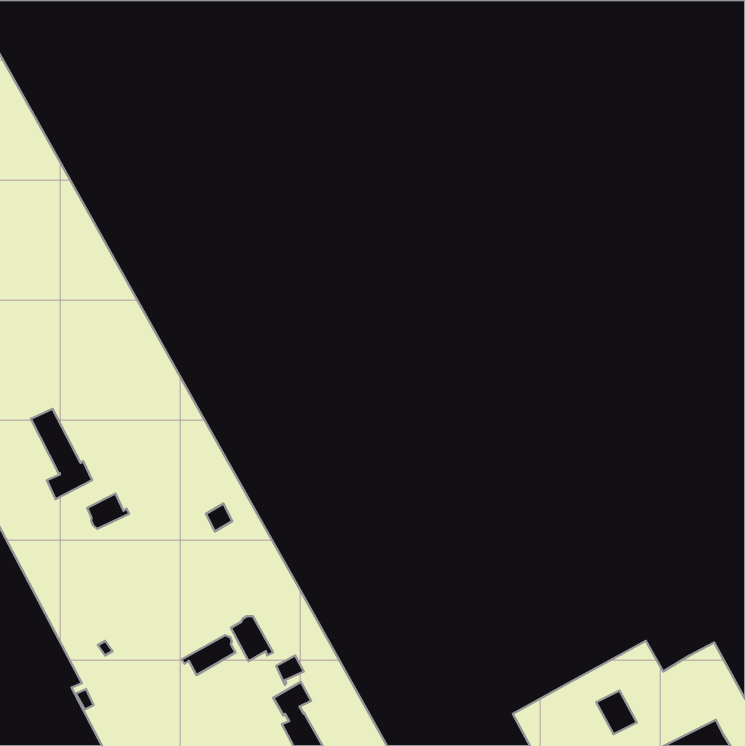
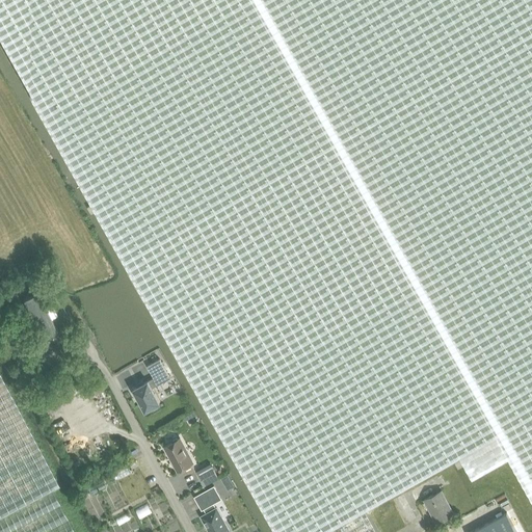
building: [87,493,129,529] -> none
building: none -> [131,380,159,410]
building: [182,635,235,675] -> none

